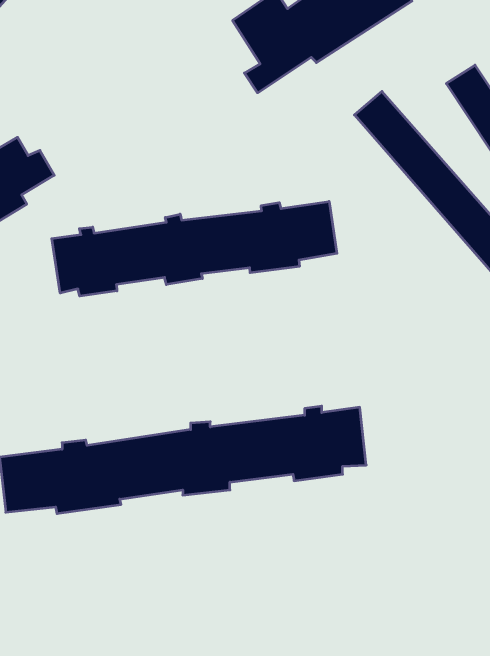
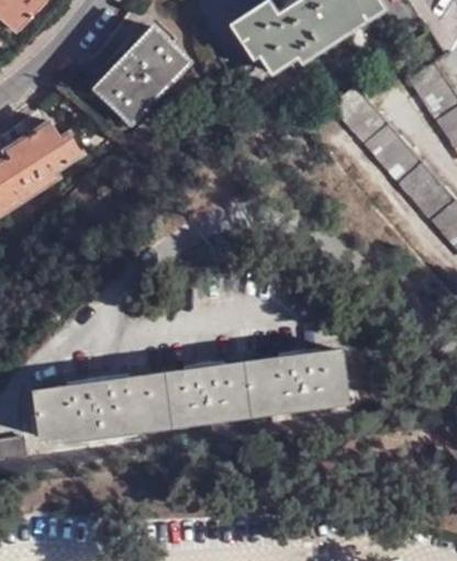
building: none -> [94,29,188,123]
building: [52,201,337,296] -> none

